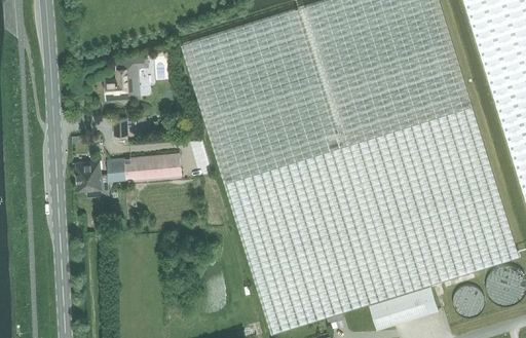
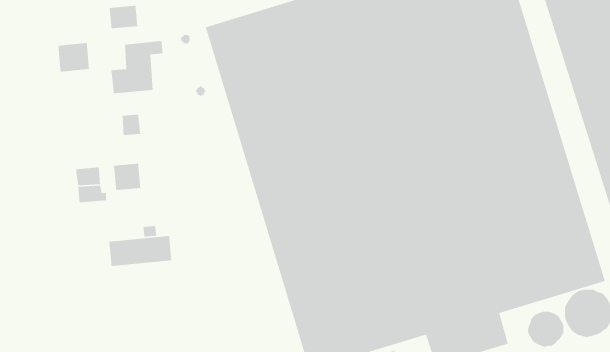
building: none -> [109,5,138,29]
building: none -> [57,42,90,72]
building: [128,153,182,180] -> [109,235,172,267]

